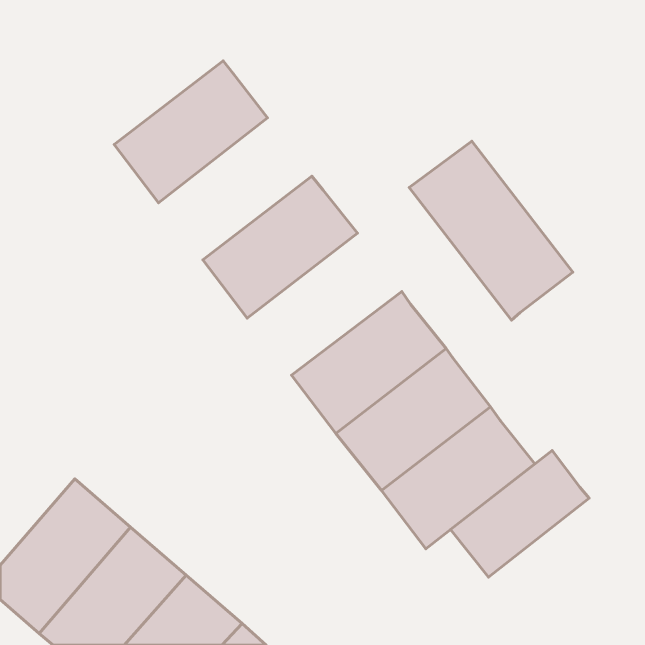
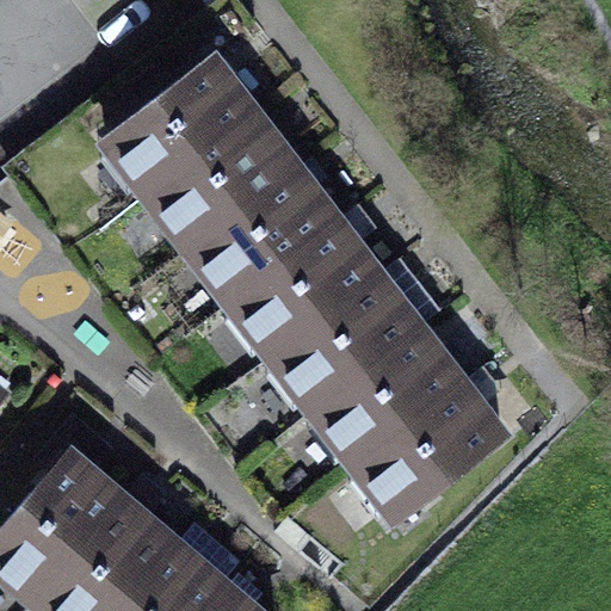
building: none -> [152,111,296,245]
building: [409,141,573,320] -> none
building: none -> [235,220,381,353]
building: [451,451,589,577] -> none

